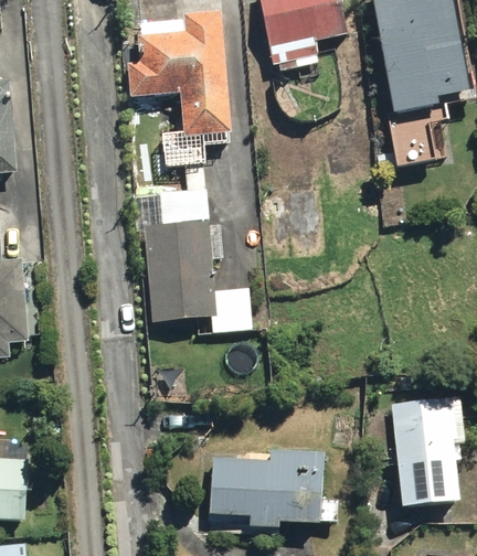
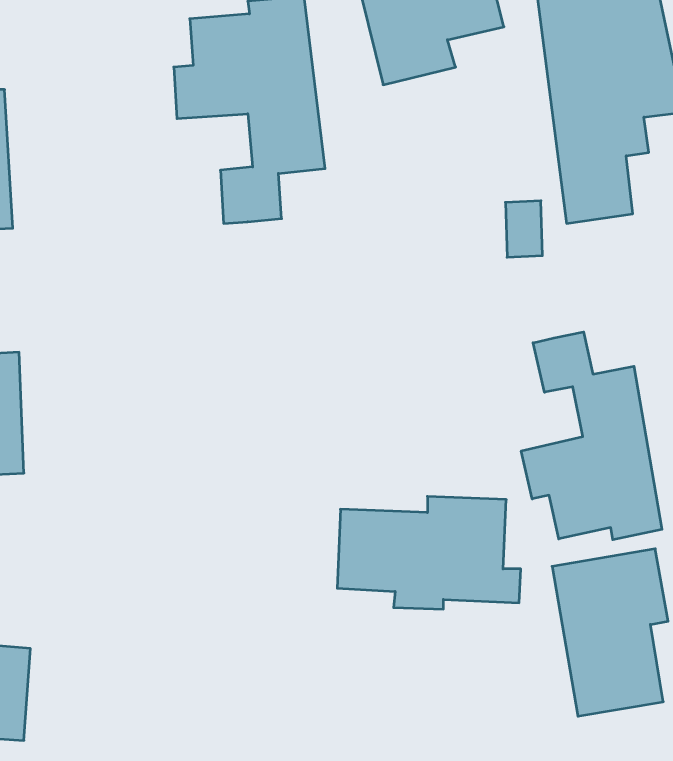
building: [140,164,252,336] -> none
building: none -> [521,332,662,540]
building: [210,448,336,525] -> [337,496,521,609]

